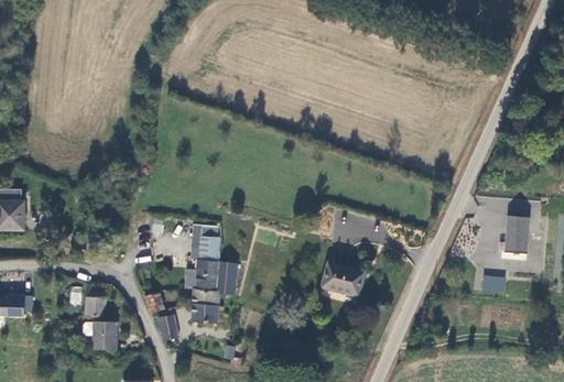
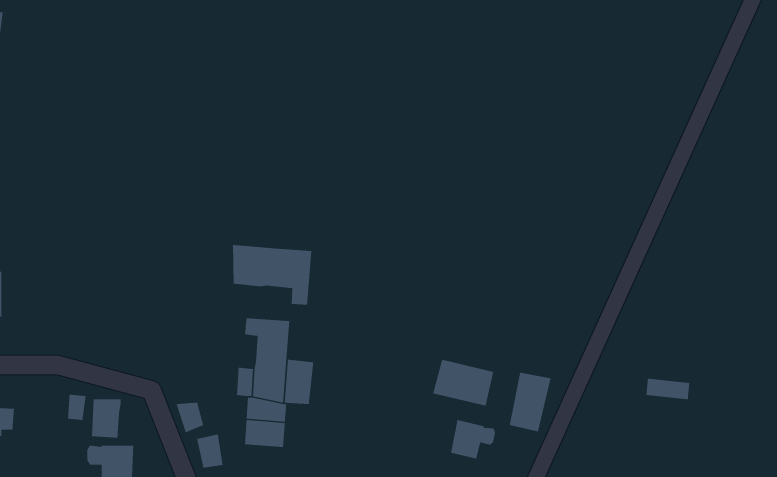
building: none -> [232,244,312,306]
building: [499,218,529,255] -> none
building: none -> [509,372,551,433]
building: none -> [450,419,496,460]

